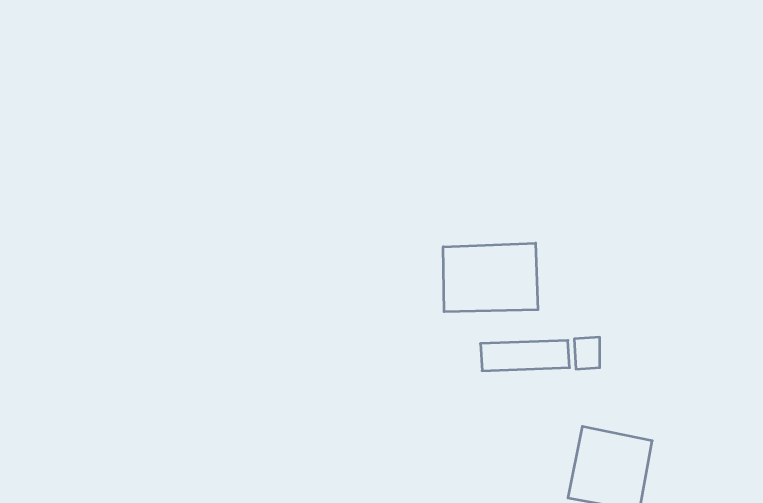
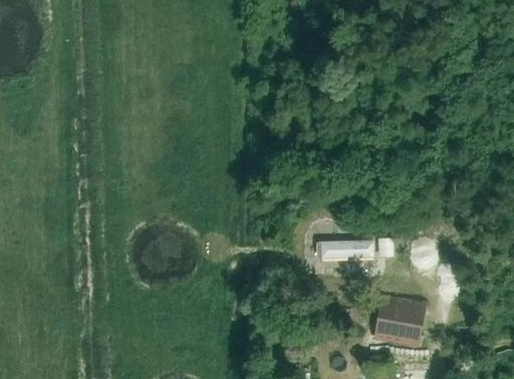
building: [443,243,538,312] -> none

